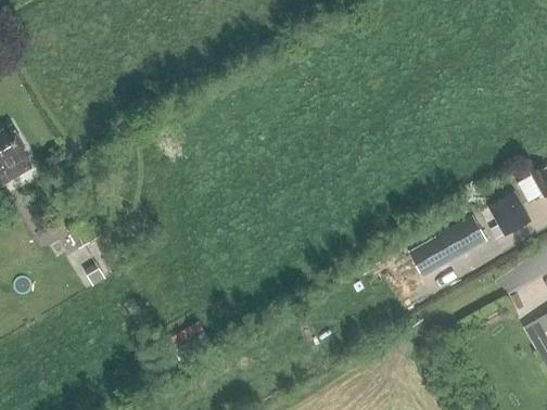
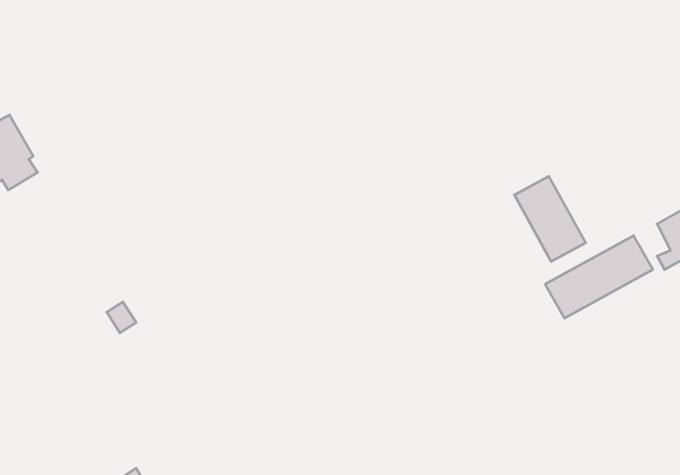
building: none -> [514,176,586,262]

